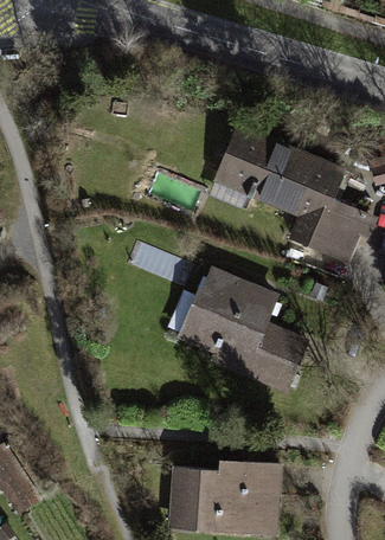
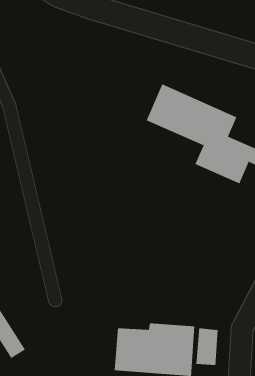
building: [177,266,308,393] -> none
building: none -> [196,327,218,366]

